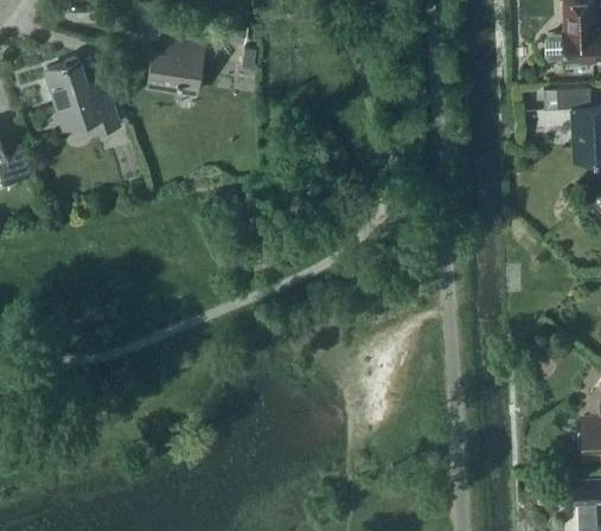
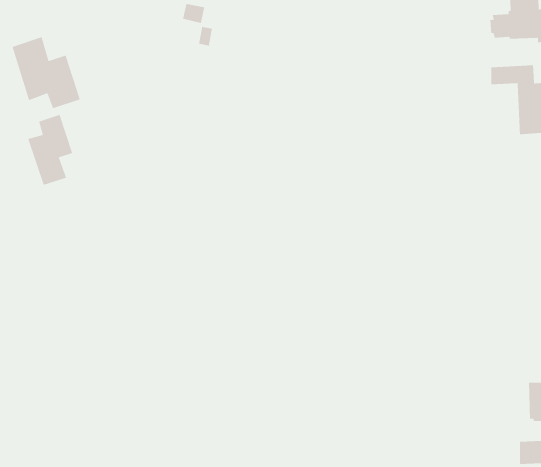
building: [146,39,205,92] -> none
building: none -> [27,114,73,186]

